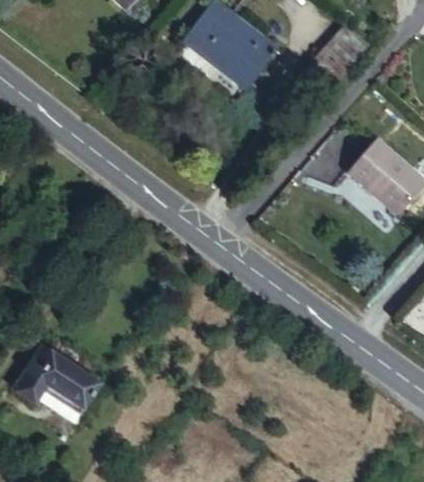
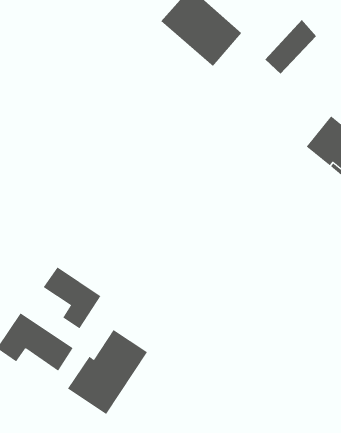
building: none -> [43,267,101,329]
building: none -> [67,329,148,415]

